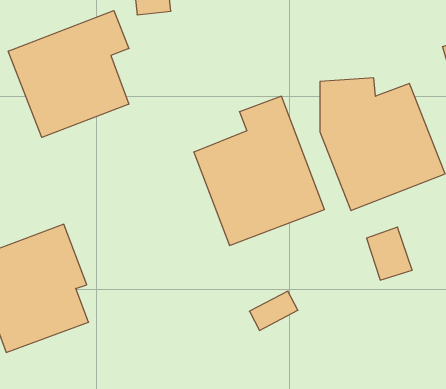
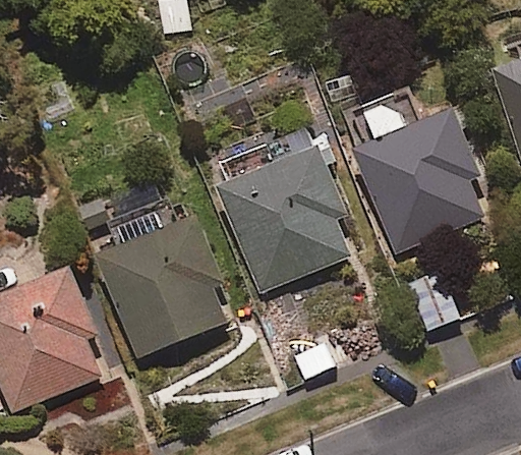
building: [8,11,129,137] -> none
building: none -> [97,181,226,358]

